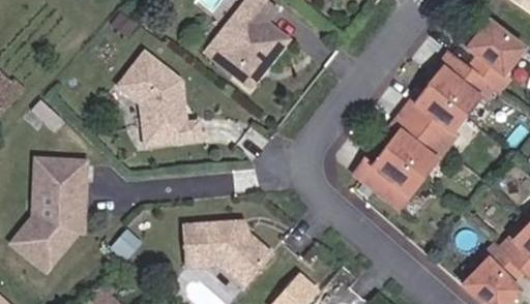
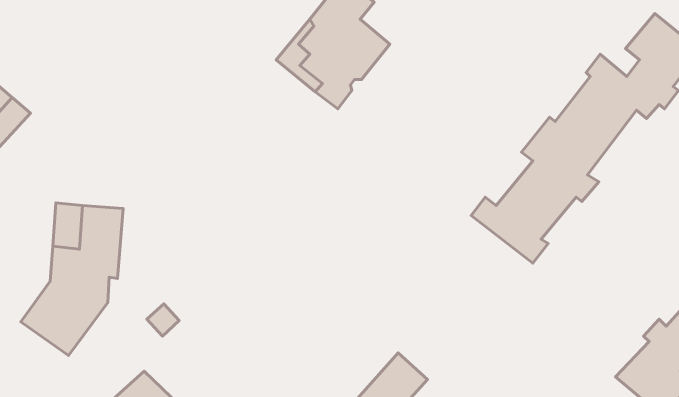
building: [122,54,205,155] -> none
building: [183,221,270,285] -> none

